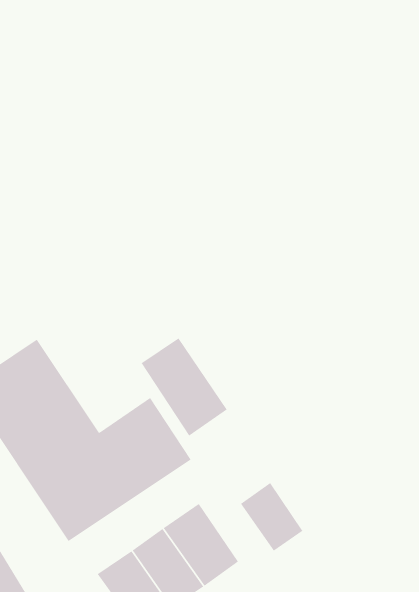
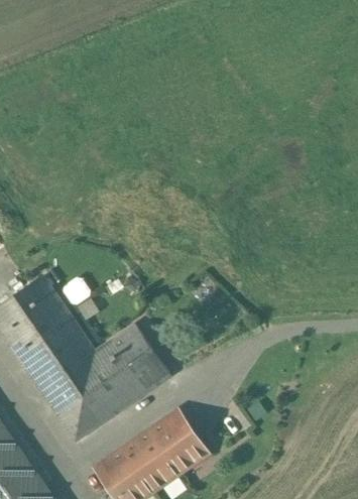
building: [141,337,228,437] -> none
building: [240,482,303,552] -> none

